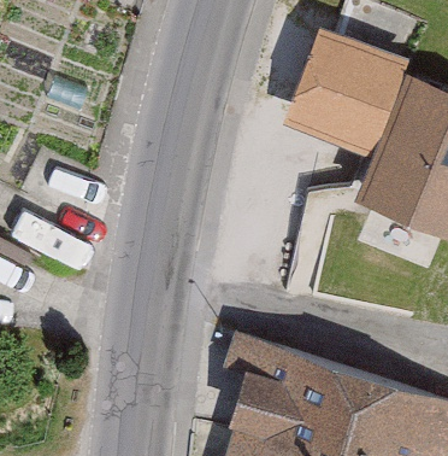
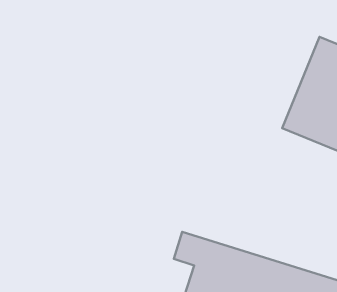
building: [289,40,401,153] -> none

